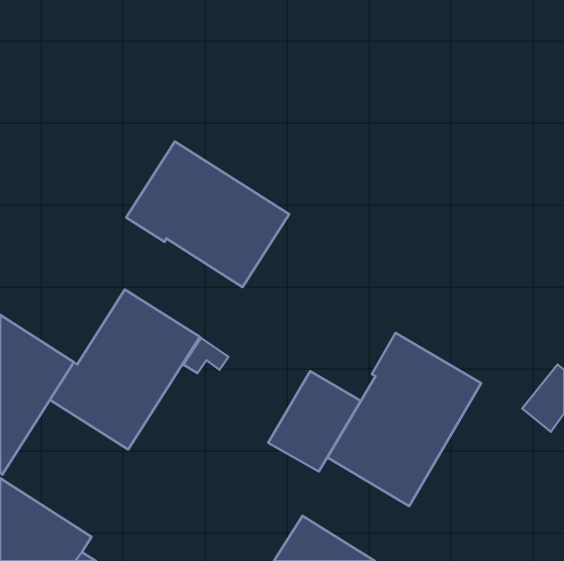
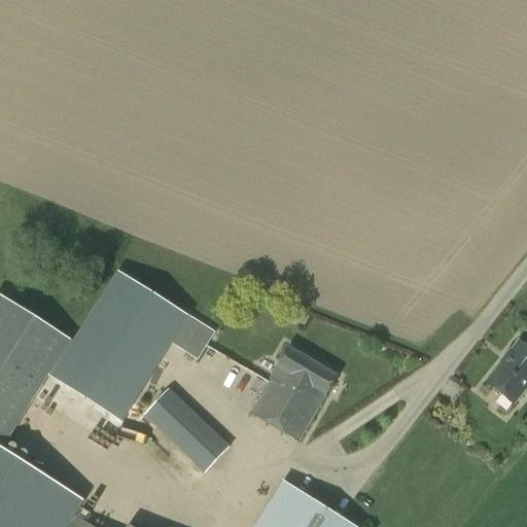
building: [126,142,289,287] -> none
building: [327,333,481,506] -> none
building: none -> [144,387,230,471]

